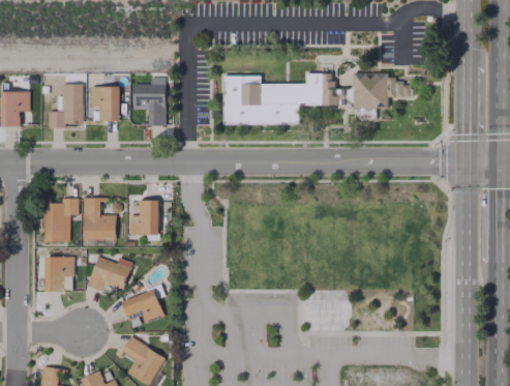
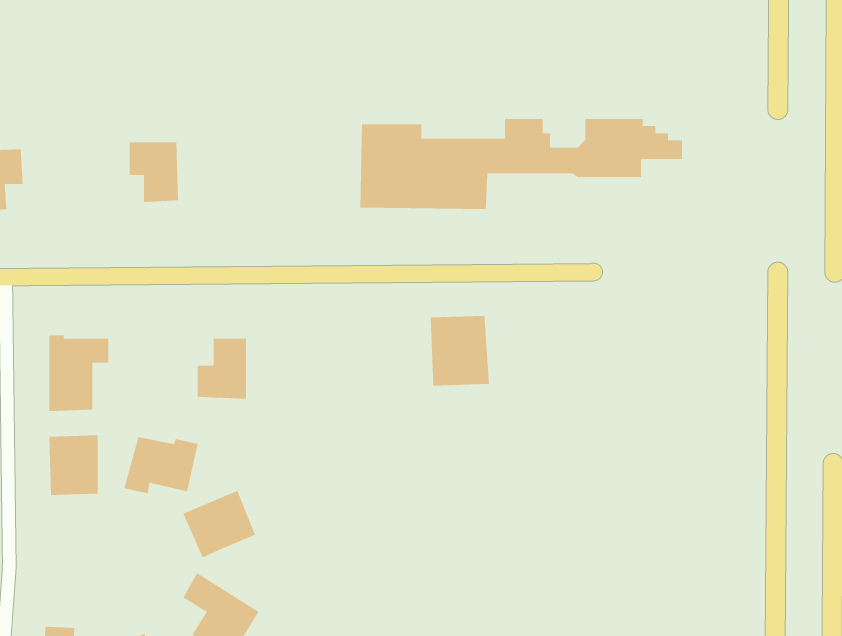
building: [133,78,166,126] -> none
building: [49,84,84,128] -> none
building: none -> [430,315,489,386]
building: [84,199,116,240] -> none

